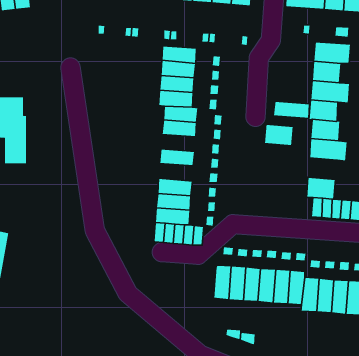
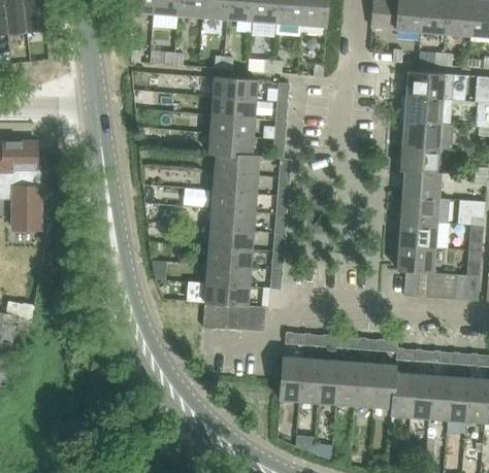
building: [273,101,309,119] -> none
building: [264,124,293,146] -> [399,219,436,247]
building: none -> [211,190,256,211]
building: none -> [208,227,253,249]

